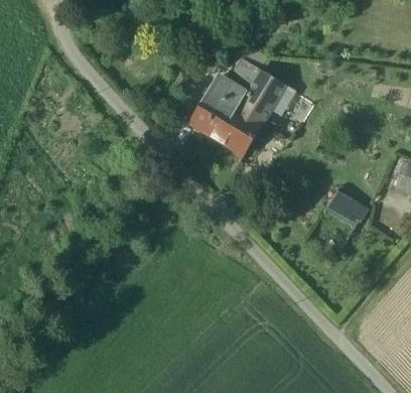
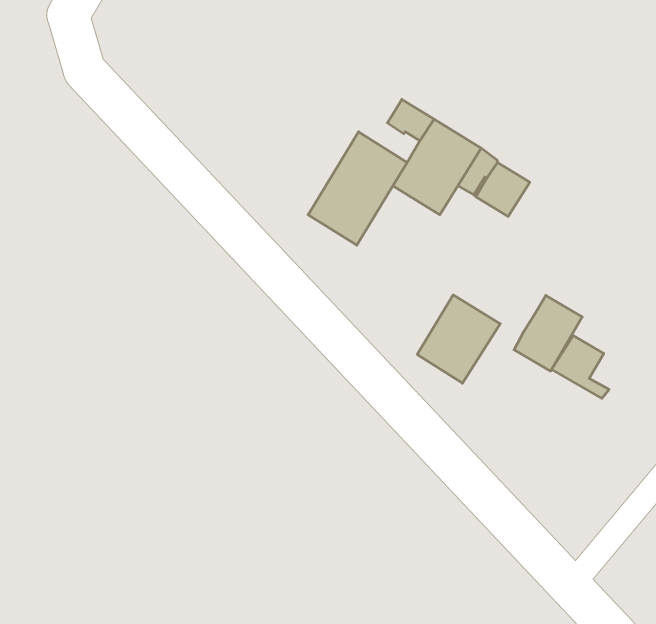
building: [216,107,262,156] -> [417,295,500,383]
building: none -> [514,295,582,371]

